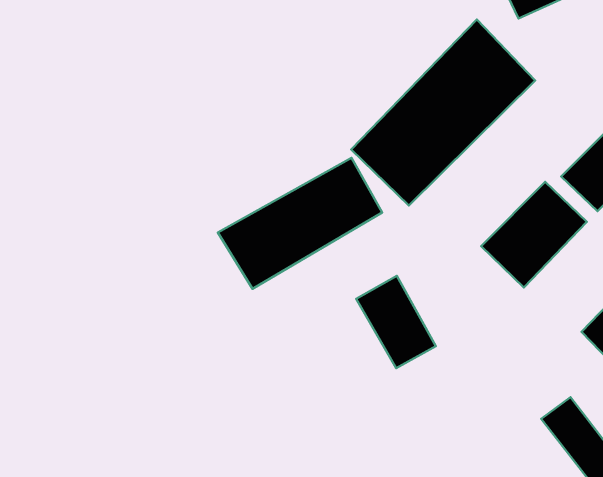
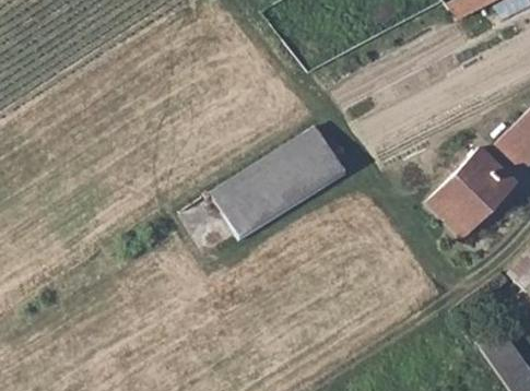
building: [351,20,535,205] -> none
building: [356,276,436,368] -> none

